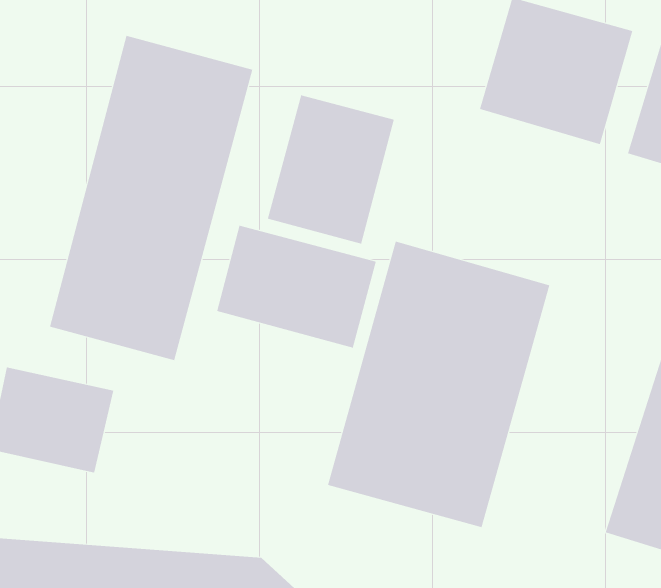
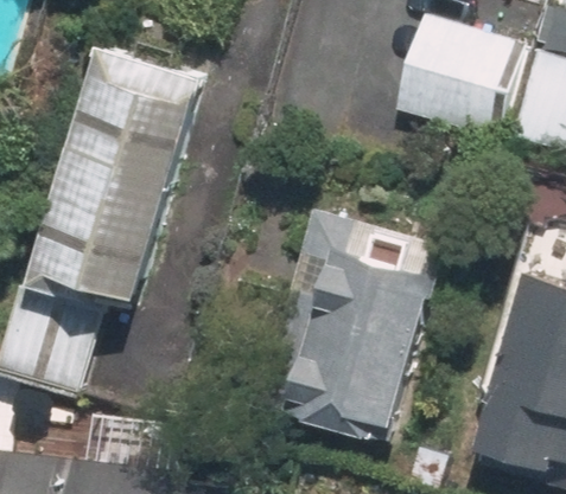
building: [267,94,394,244] -> none
building: [216,225,377,349] -> none

